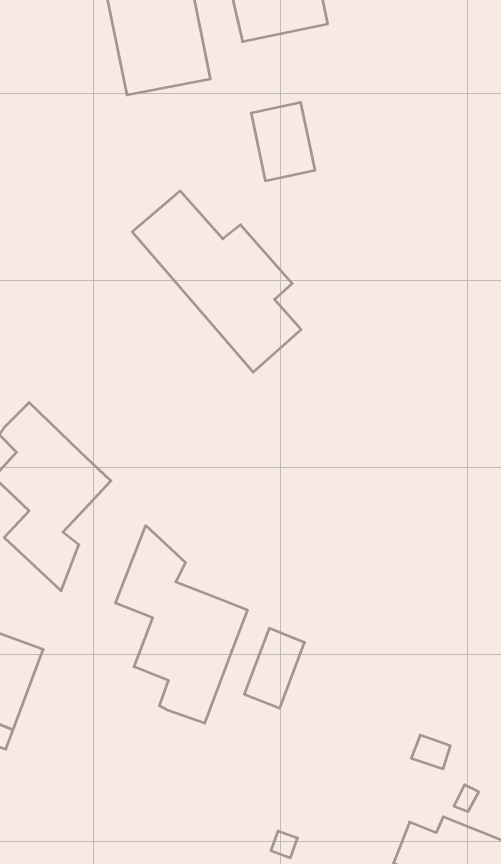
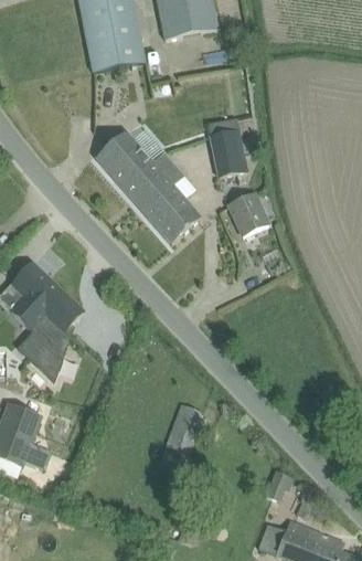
building: [251,102,315,181] -> [206,127,246,176]
building: none -> [227,191,269,236]
building: [116,526,247,723] -> none

